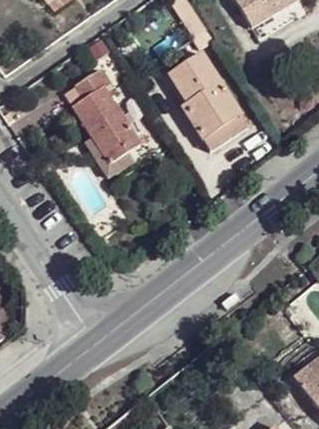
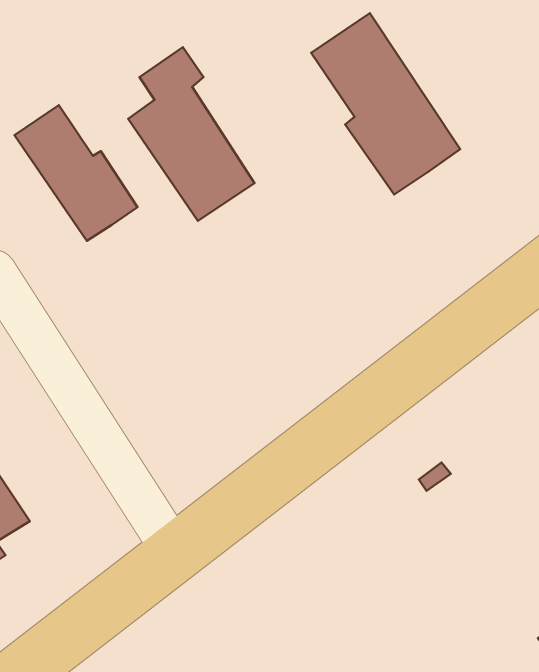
building: none -> [14,105,137,241]

